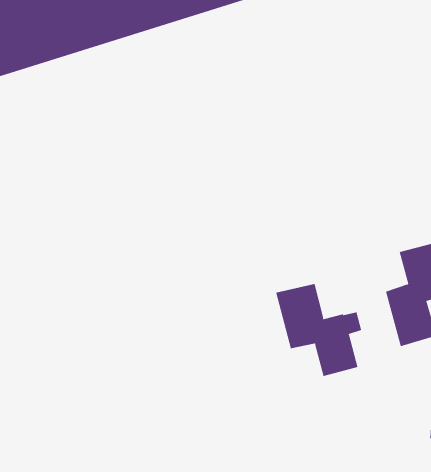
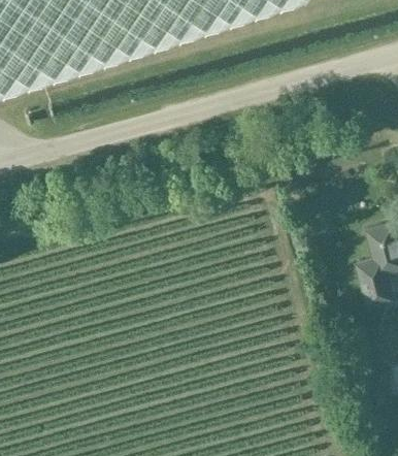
building: [275,283,362,377] -> none

